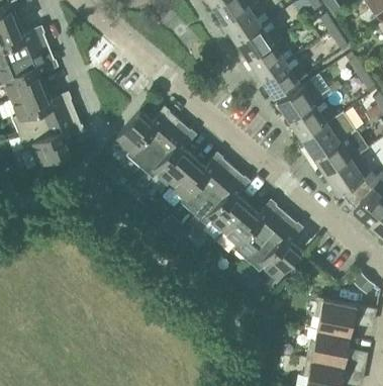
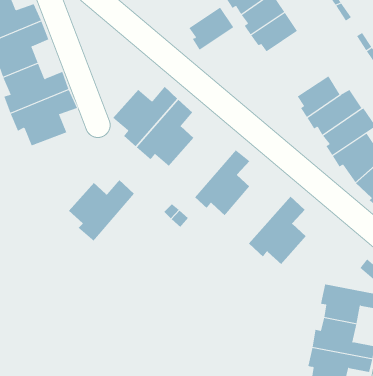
building: [263,56,306,97] -> [189,7,234,50]
building: [277,80,322,118] -> none
building: [170,155,233,214] -> [68,179,135,241]
building: [223,201,286,259] -> none

